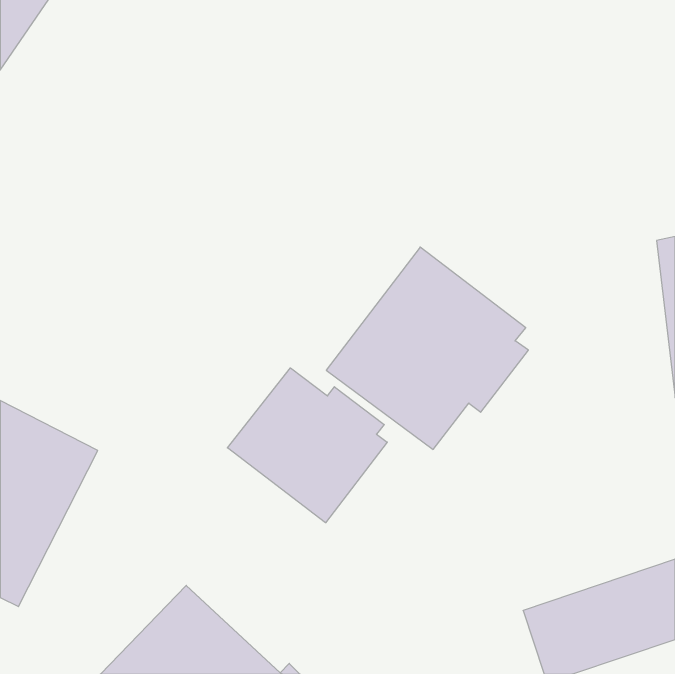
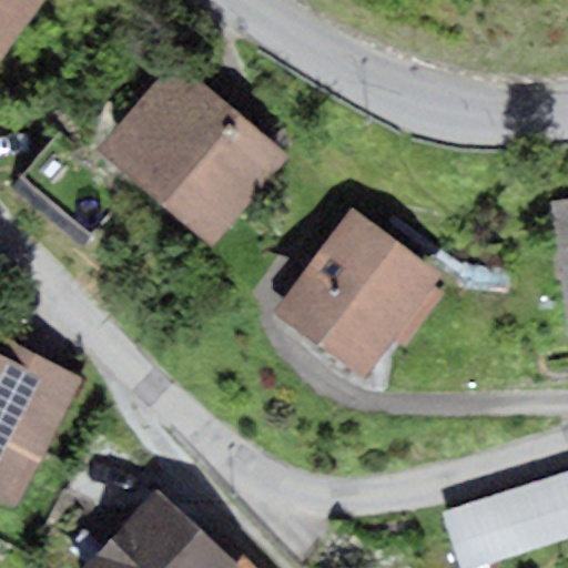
building: none -> [97,61,286,246]
building: [227,368,387,523] -> none

